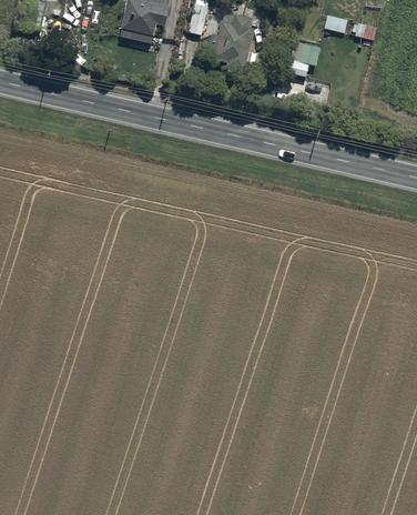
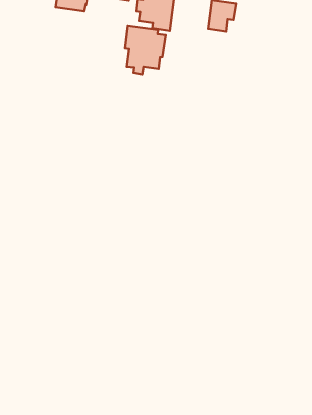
building: none -> [125,26,166,75]

